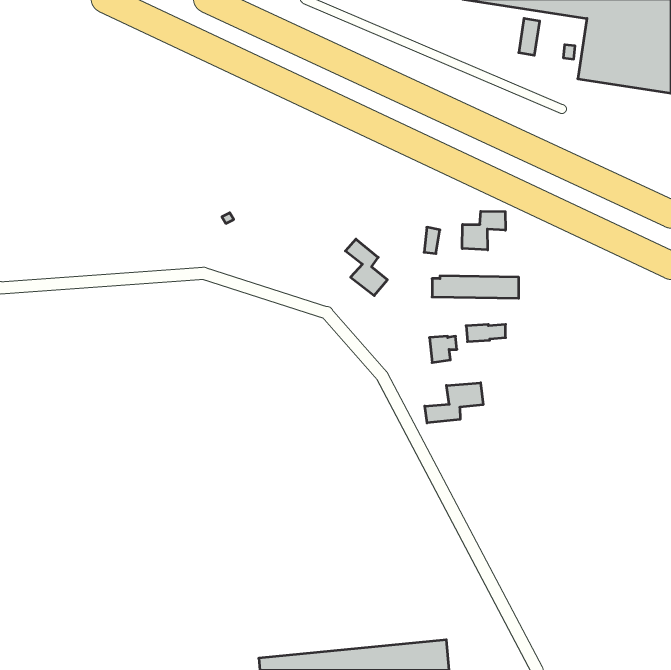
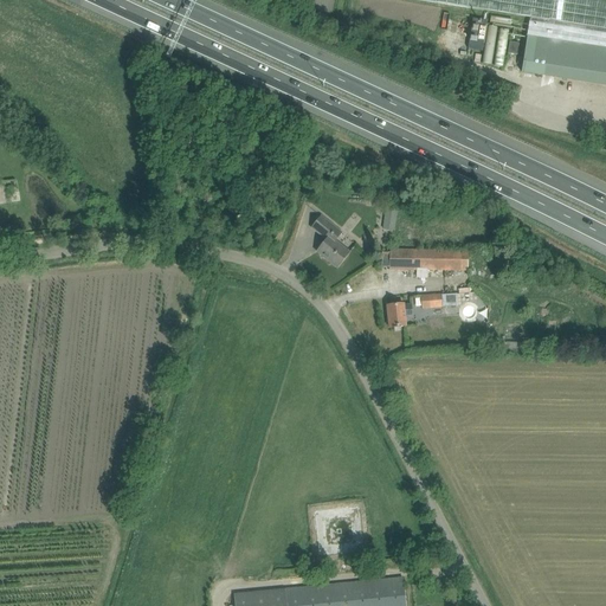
building: [462,211,505,250] -> none
building: [425,383,483,423] -> none

